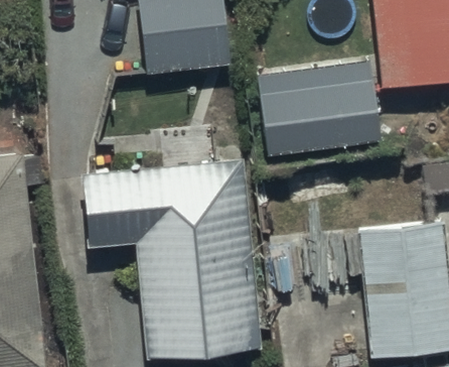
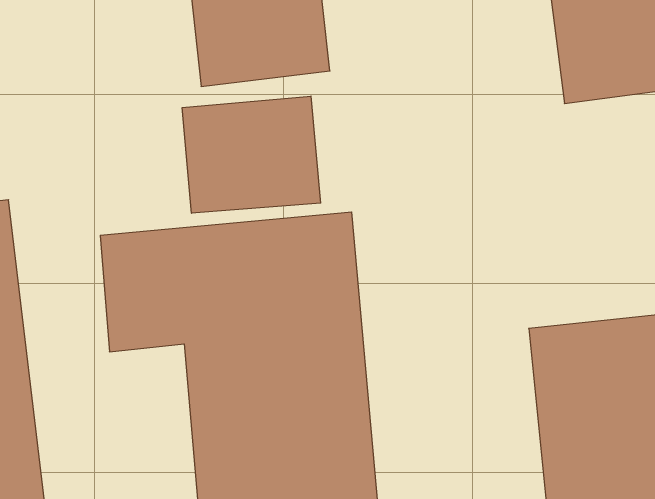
building: [255,54,380,146] -> none
building: none -> [182,96,321,213]

